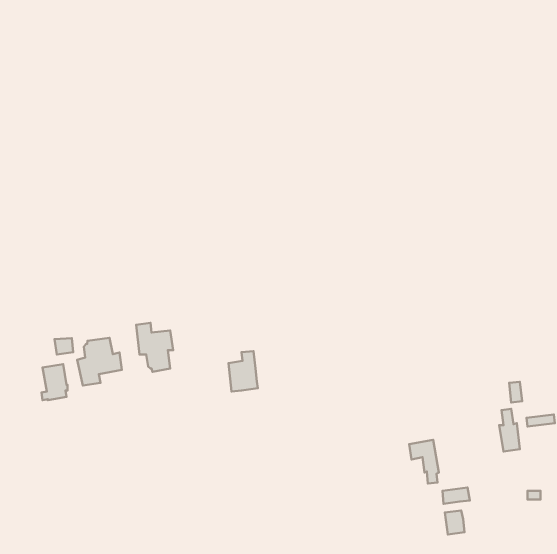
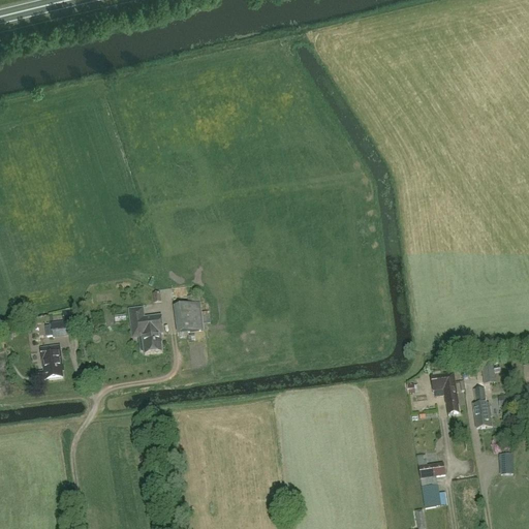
building: [77,338,122,385] -> none
building: [228,351,258,391] -> [175,293,203,332]
building: [409,440,439,483] -> [432,372,460,413]

